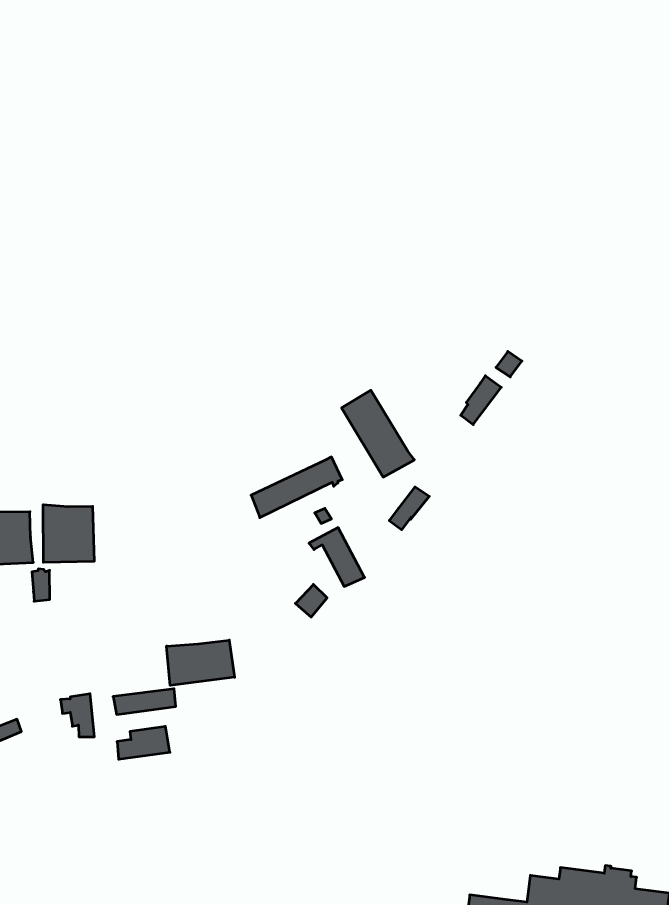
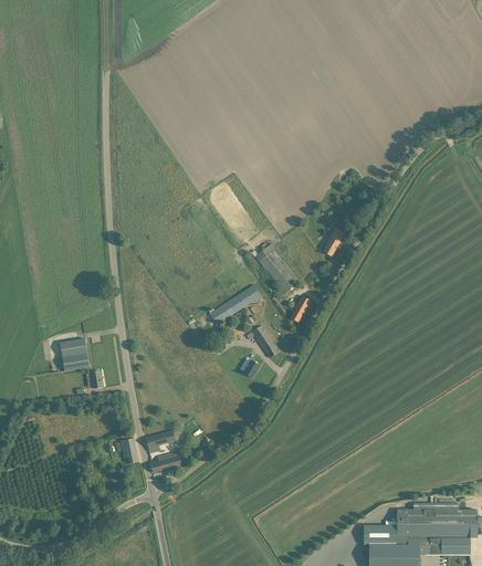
building: [43,505,94,562] -> none
building: [167,640,235,685] -> none

